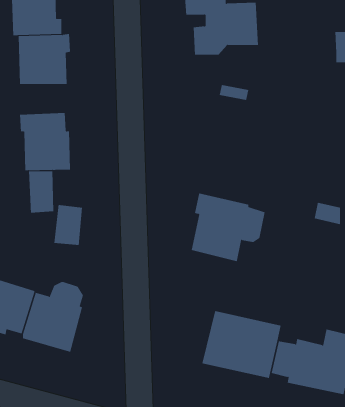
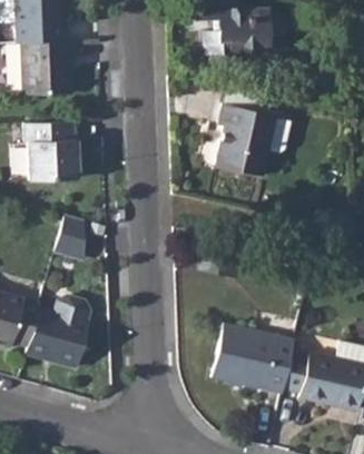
building: [28,170,54,213] -> none
building: [191,193,265,262] -> [214,103,291,175]

